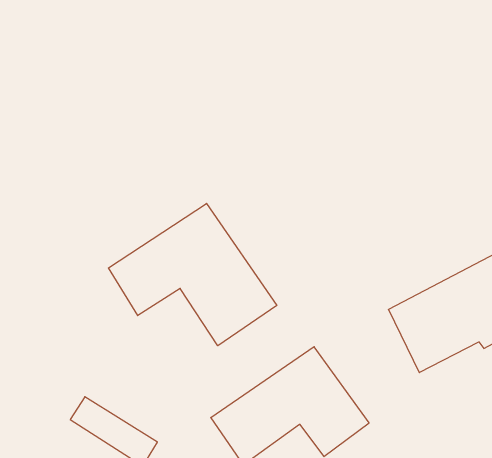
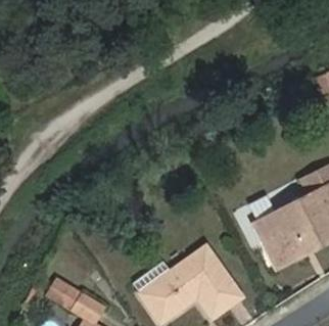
building: [108,203,277,346] -> none

